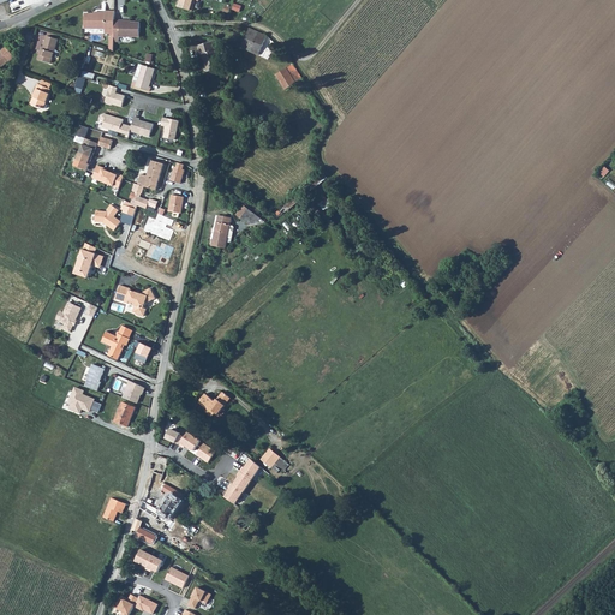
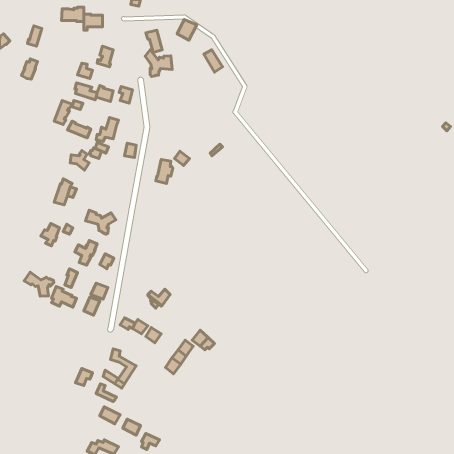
building: none -> [145,50,172,76]
building: none -> [24,272,54,296]

